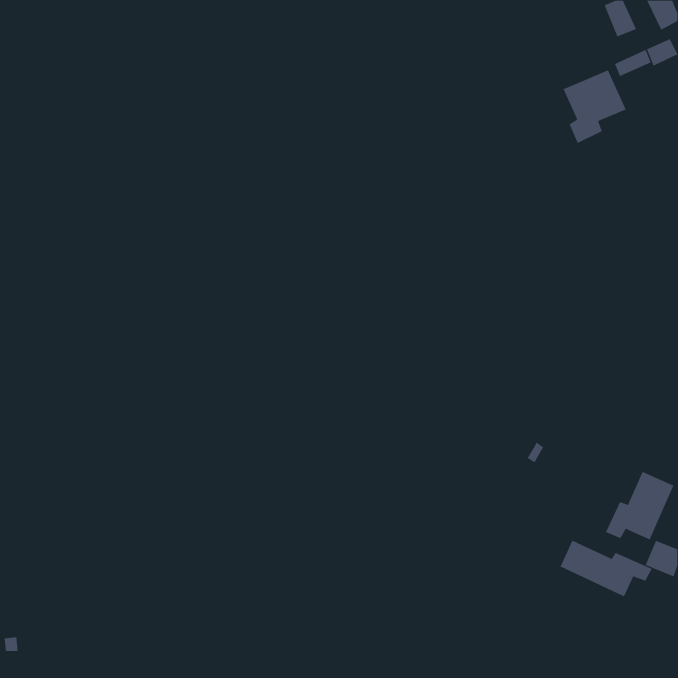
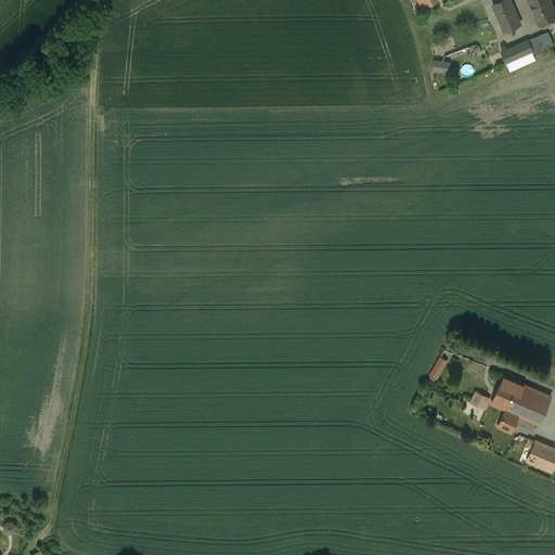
building: [563,70,626,144] -> none
building: none -> [492,376,525,412]
building: [560,540,652,597] -> none

